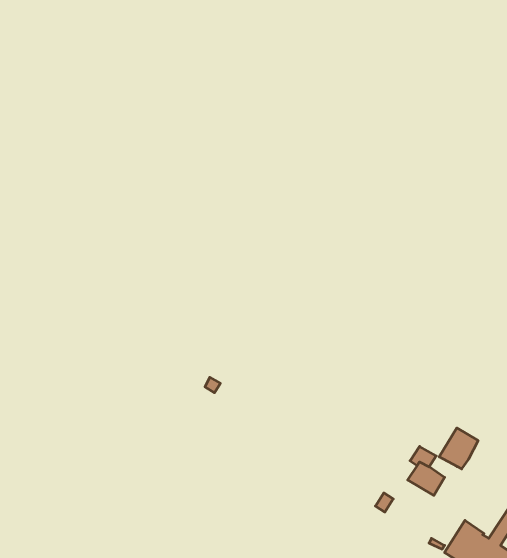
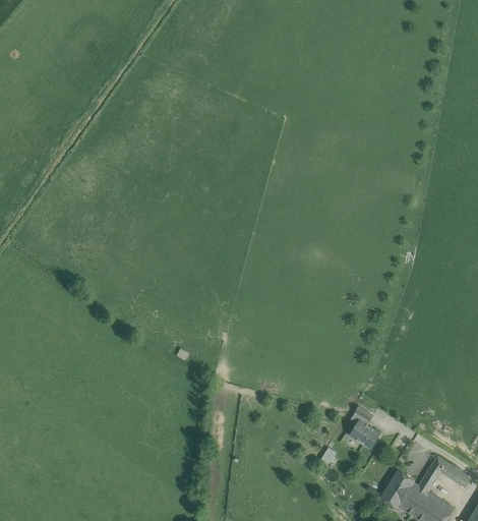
building: [439,428,478,469] -> none

